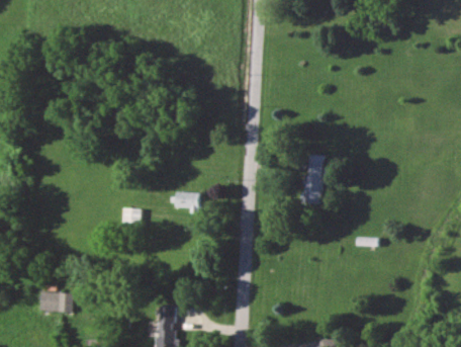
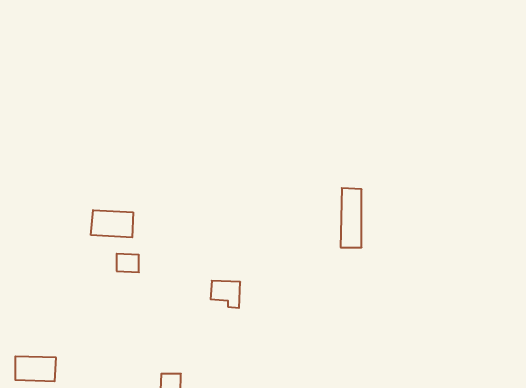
building: none -> [91,210,133,237]
building: [176,192,200,214] -> [211,281,240,308]

